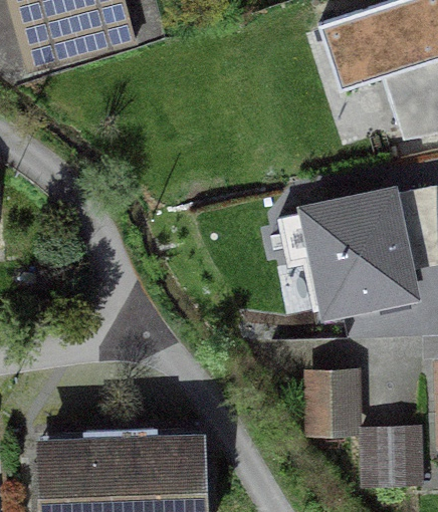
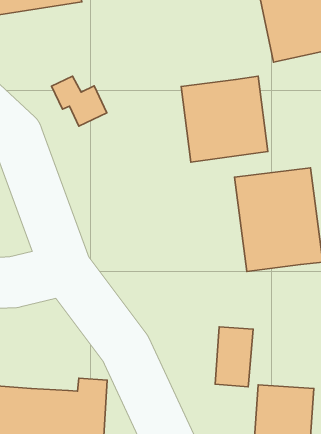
building: none -> [181,76,268,162]

